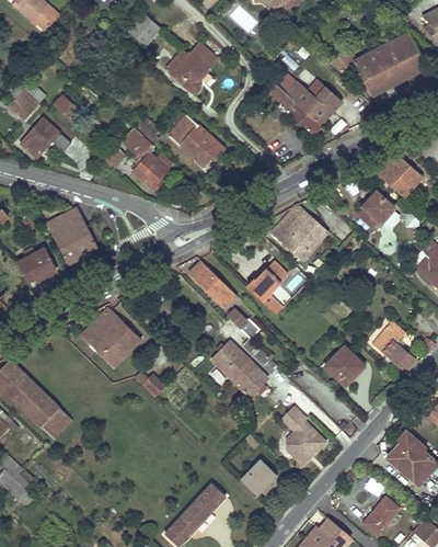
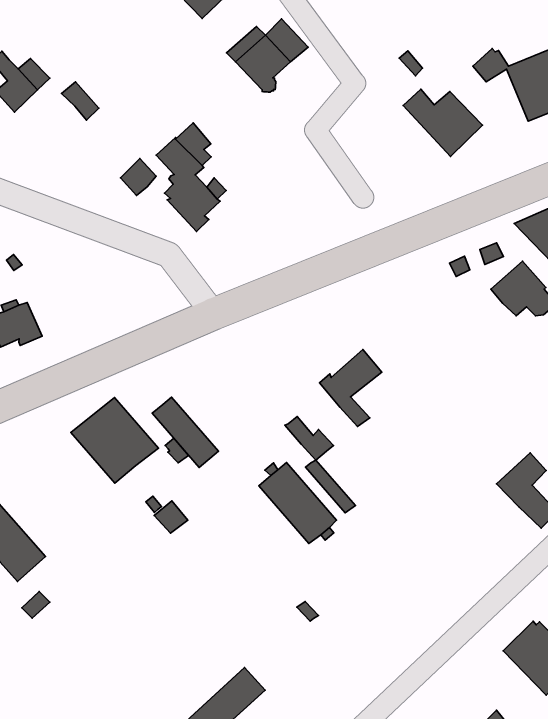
building: [268,83,322,136] -> none
building: [170,116,224,167] -> none
building: [22,118,71,153] -> none
building: [270,204,327,261] -> none
building: [47,207,99,264] -> none
building: [188,261,235,307] -> [152,397,218,467]
building: [325,346,360,385] -> none
building: [281,406,325,465] -> none
building: [241,459,275,493] -> none

